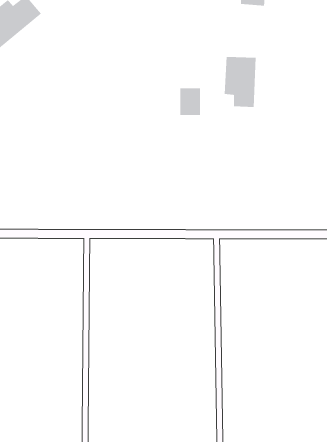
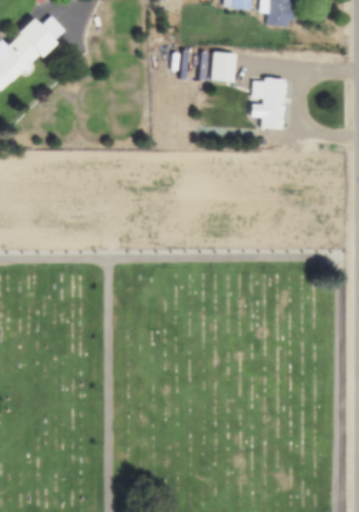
building: [179,88,201,116] -> [212,53,234,80]

